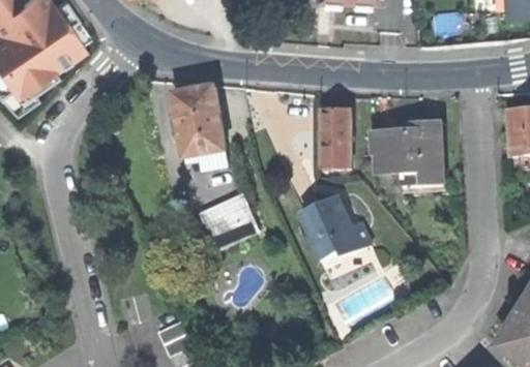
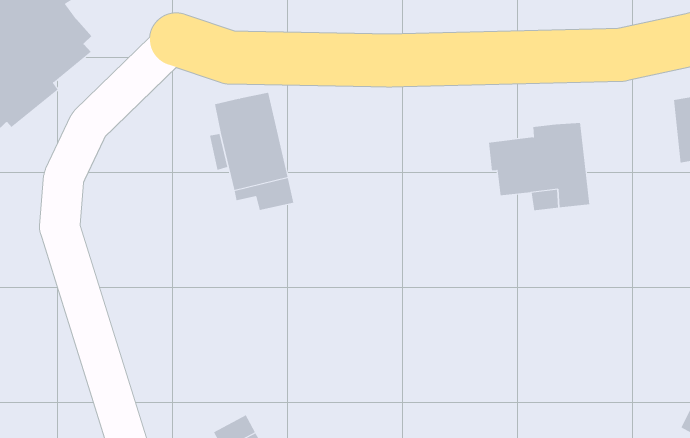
building: [319,105,348,164] -> none
building: [298,192,369,255] -> none
building: [200,194,257,247] -> none

